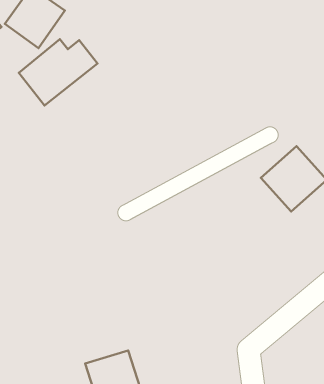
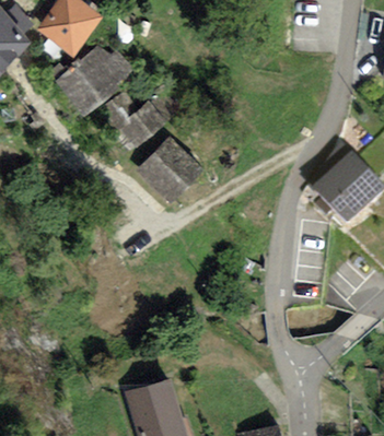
building: none -> [121,97,168,143]
building: none -> [136,137,203,204]

